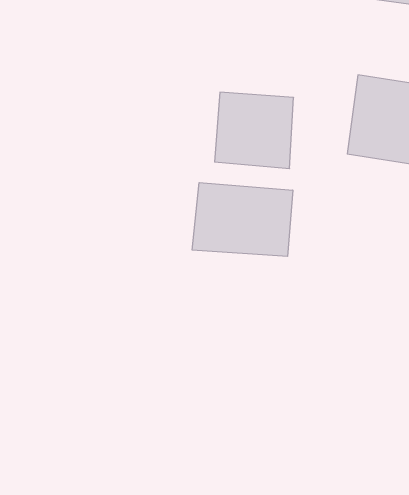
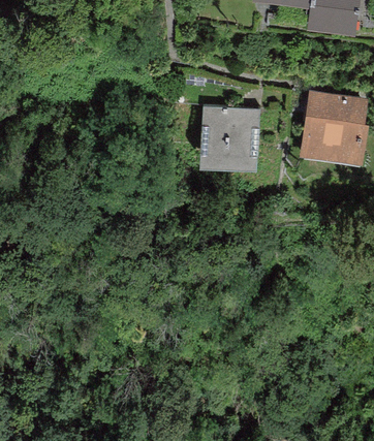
building: [192,183,293,256] -> none

